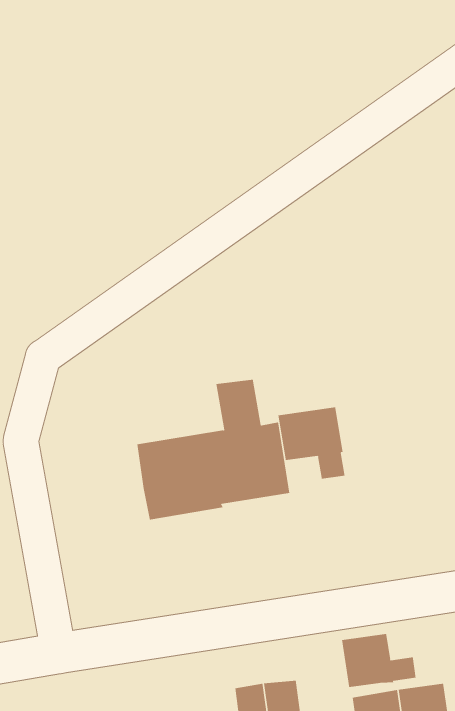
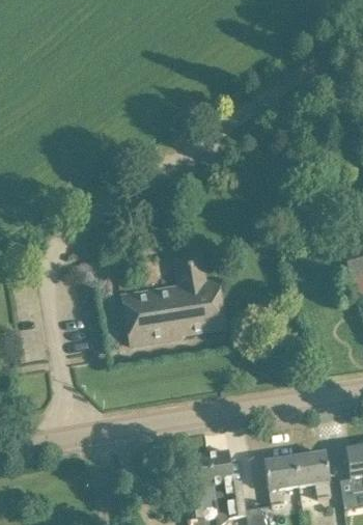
building: [278,406,345,480] -> none
building: [342,633,416,688] -> none

